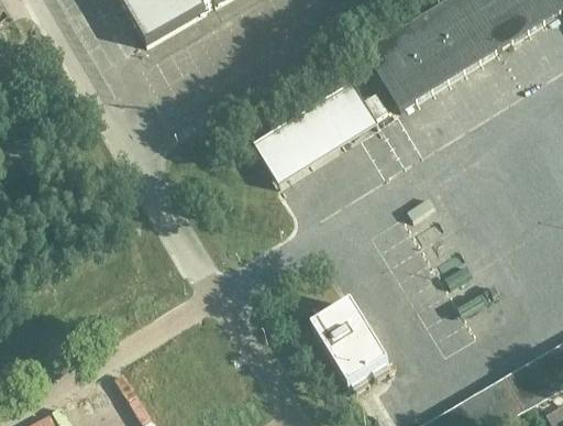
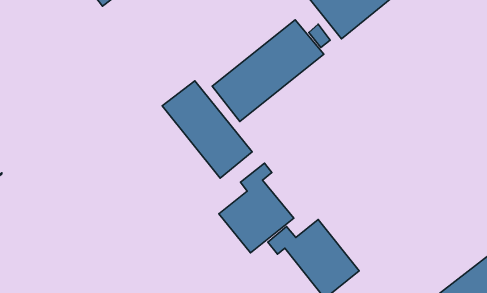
building: none -> [162,81,252,178]
building: none -> [219,163,294,253]

